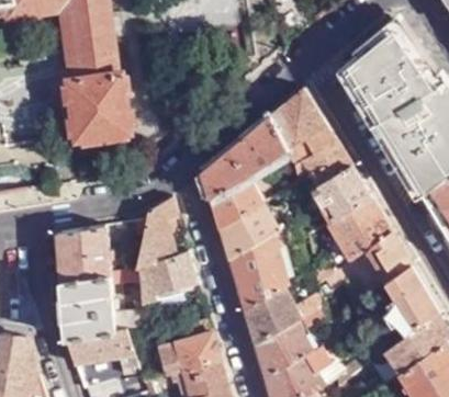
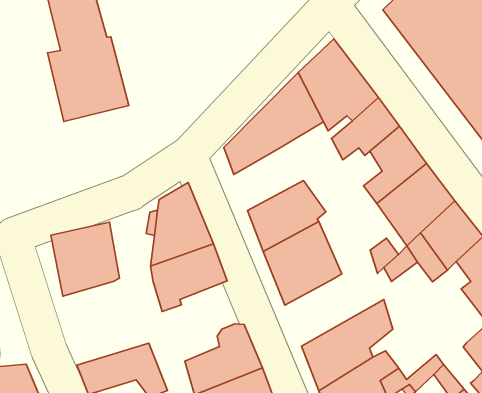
building: [210,177,267,226] -> none
building: [59,265,145,342] -> none
building: [243,288,325,342] -> none

